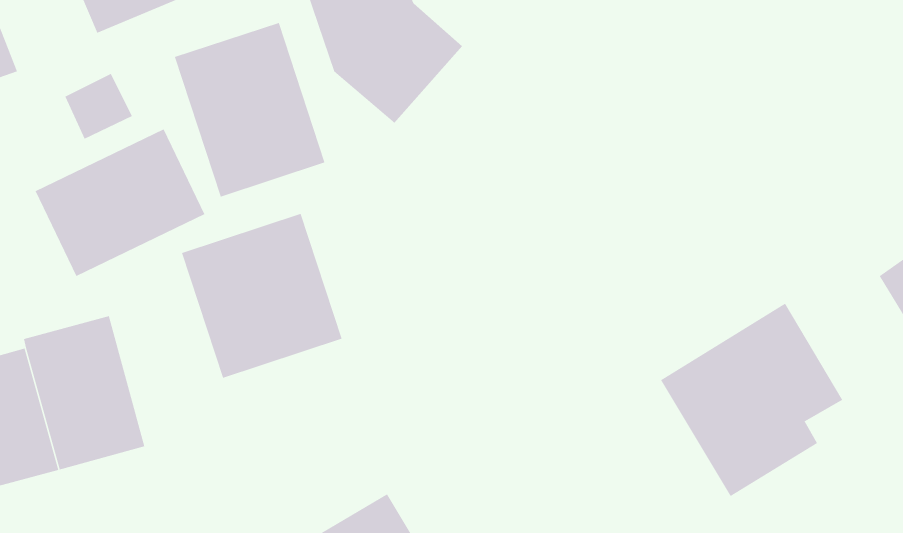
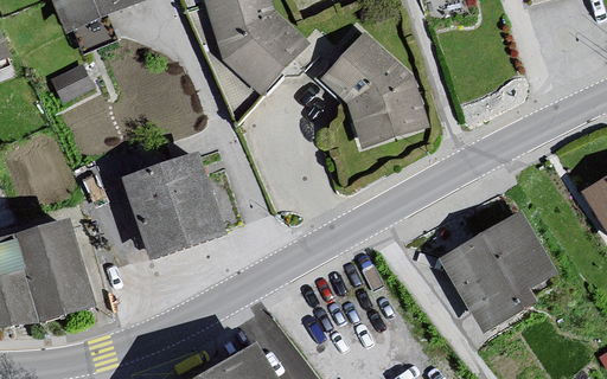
building: [174,22,325,197] -> none
building: none -> [318,30,427,148]
building: [35,129,205,277] -> none

